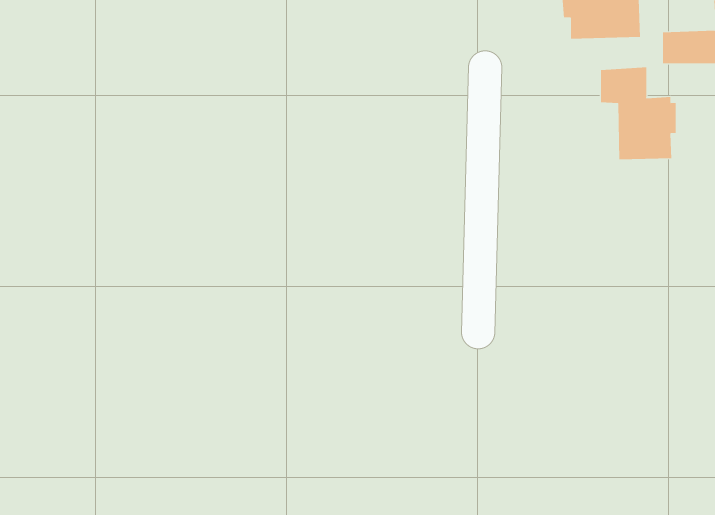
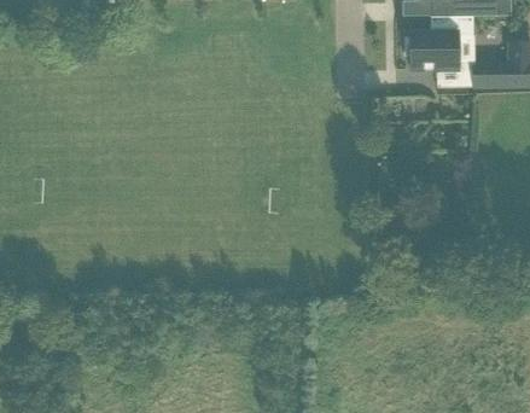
building: [600,66,676,160] -> none

